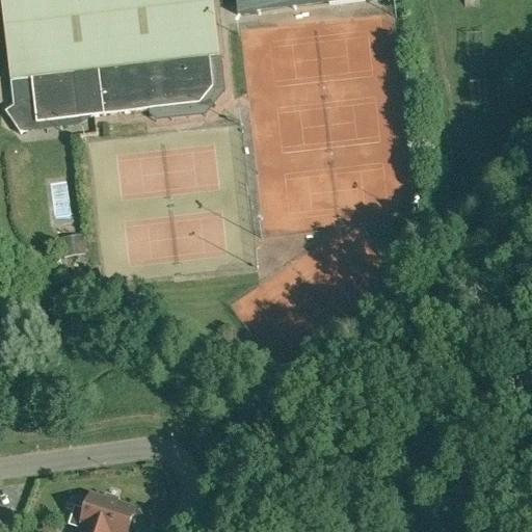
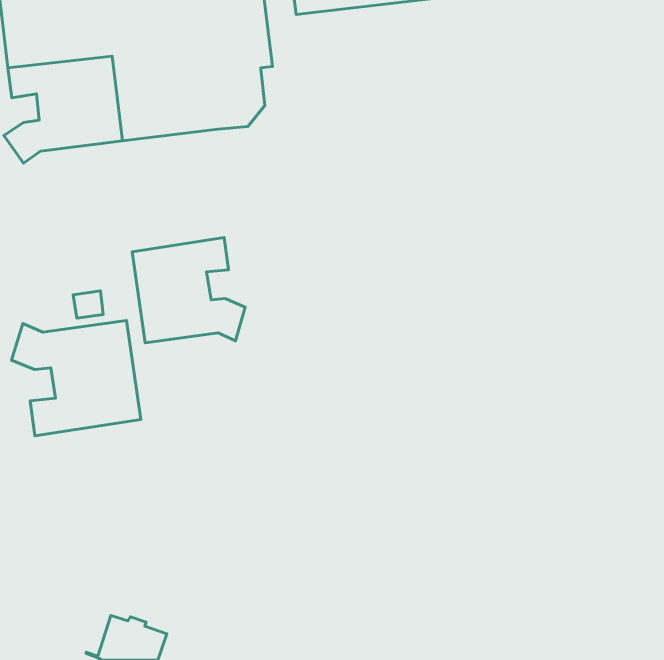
building: none -> [132,237,245,343]
building: none -> [12,320,141,436]

